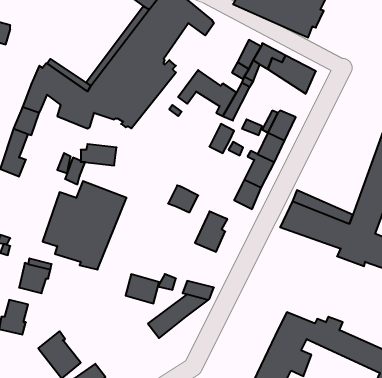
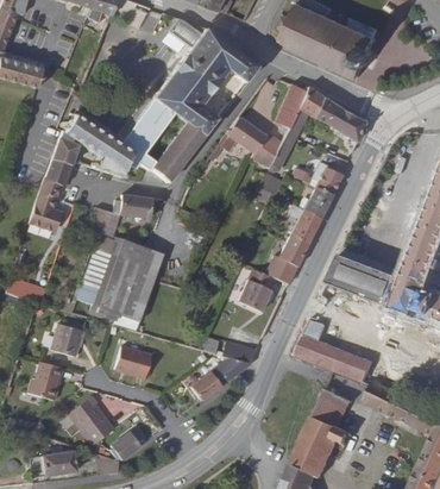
building: [168,185,198,212] -> [265,253,297,282]
building: [126,274,159,303] -> [113,344,149,375]
building: none -> [291,334,373,385]

